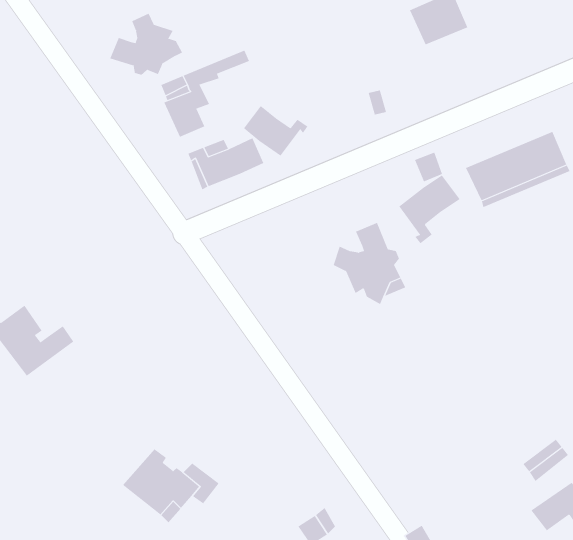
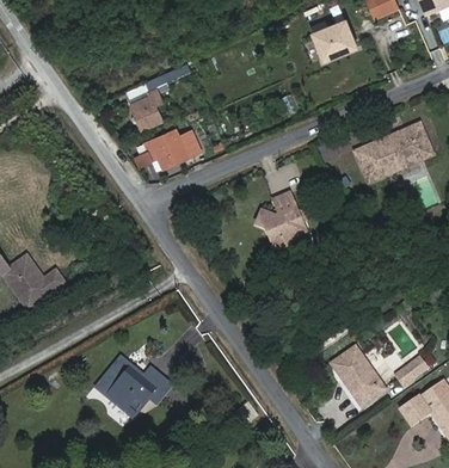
building: [110,13,183,75] -> none
building: [243,105,308,157] -> none
building: [398,175,460,244] -> none
building: none -> [332,343,389,405]

